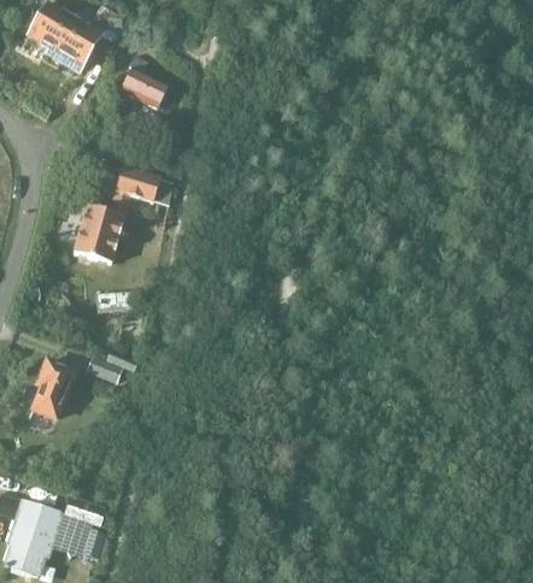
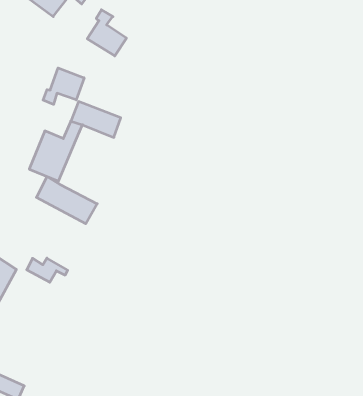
building: none -> [43,68,84,104]
building: none -> [36,177,97,224]

